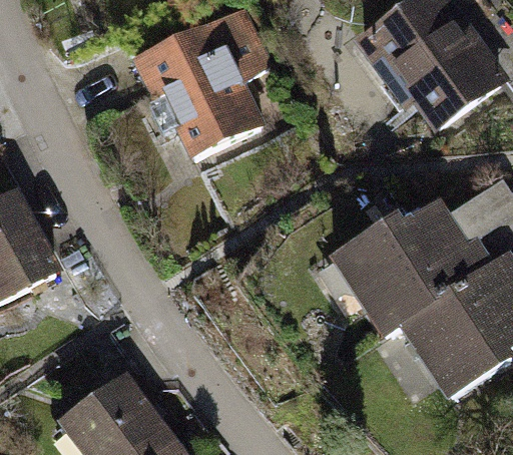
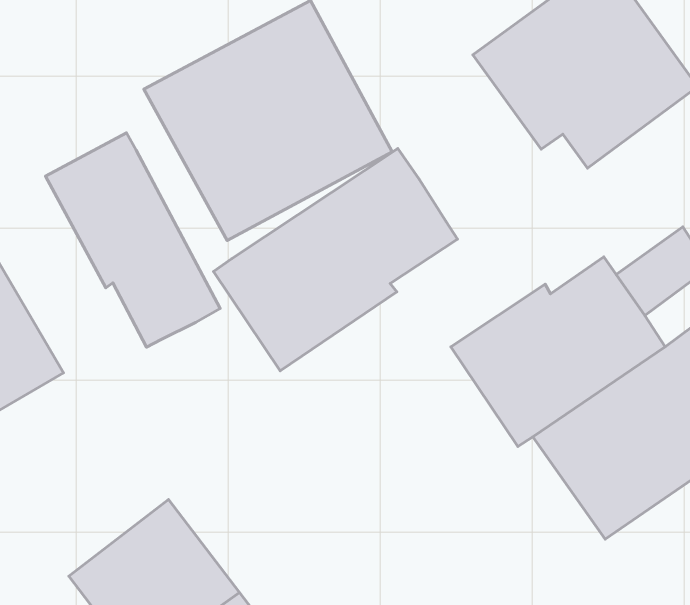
building: none -> [46,133,220,347]
building: none -> [213,149,457,371]

